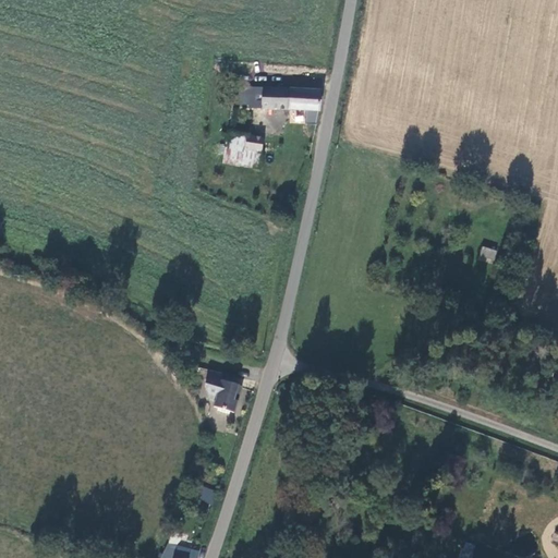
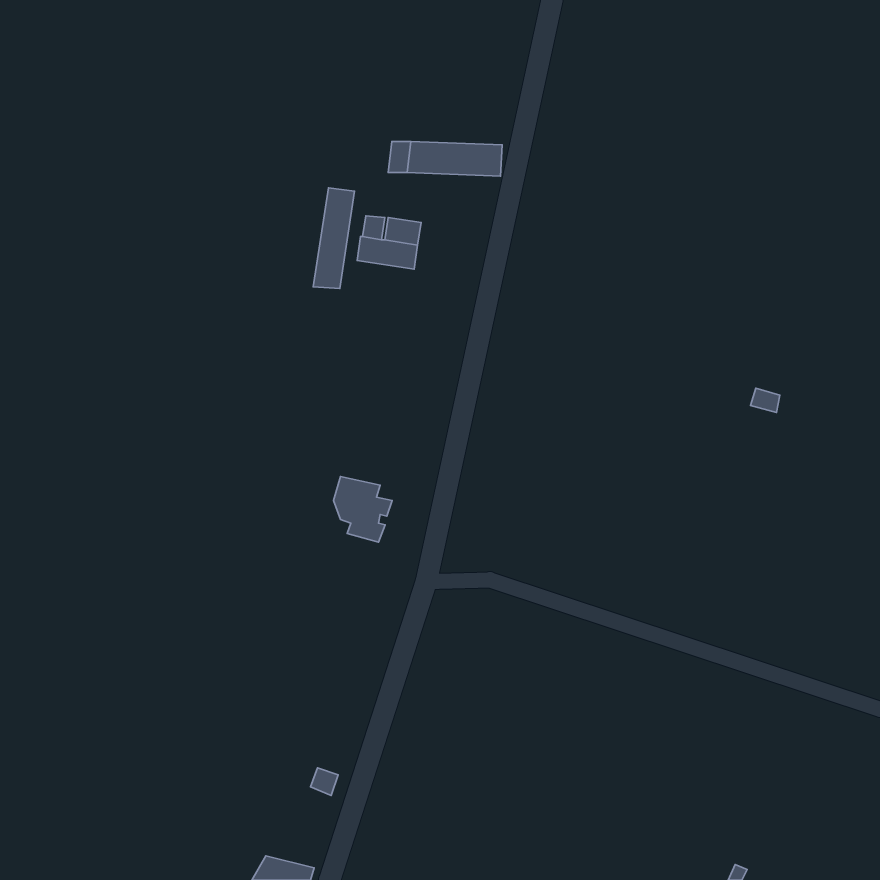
building: none -> [313,188,354,289]
building: [205,367,242,409] -> [333,476,392,542]

